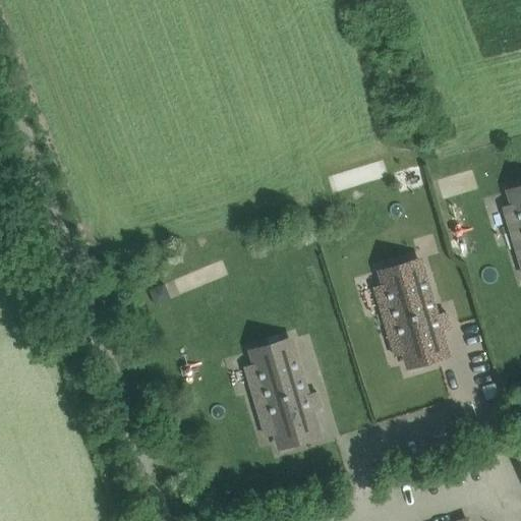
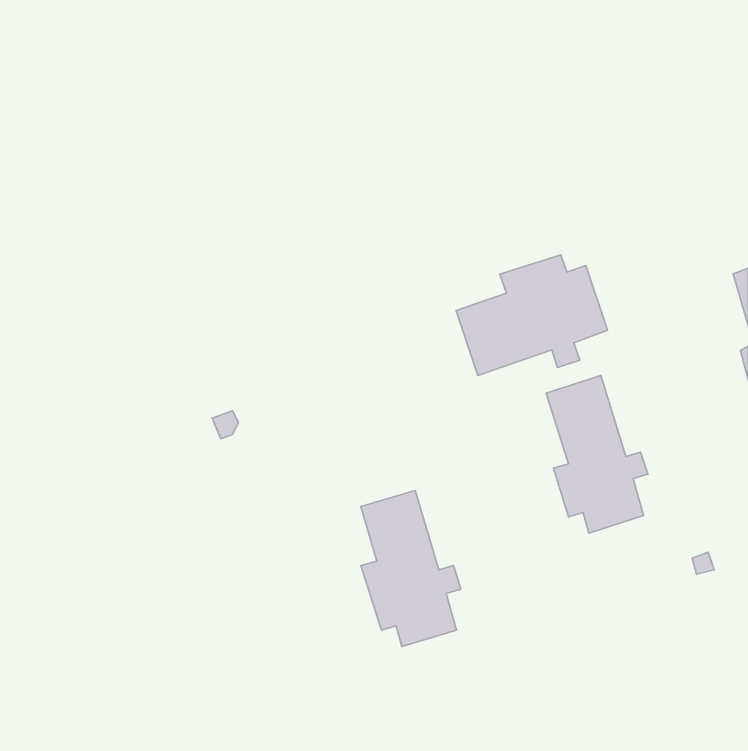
building: none -> [456,255,608,375]

